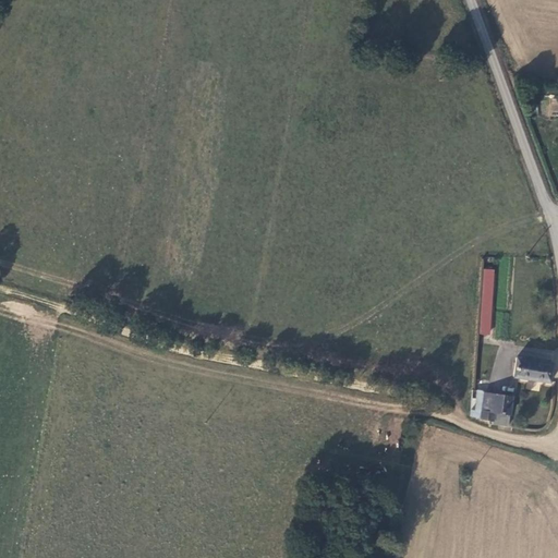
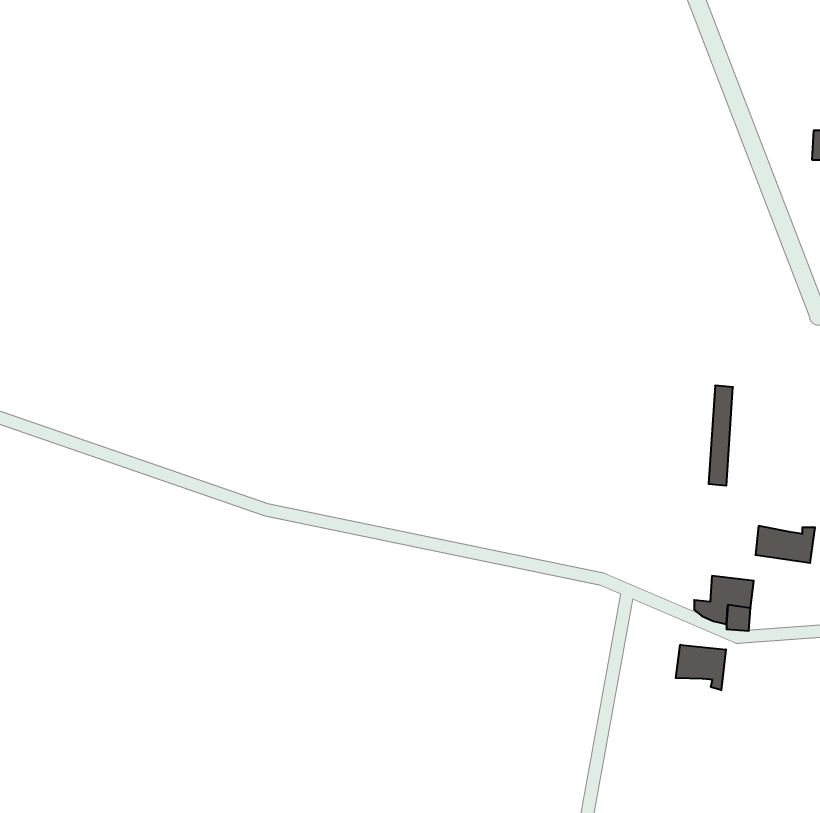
building: none -> [676,645,726,690]

